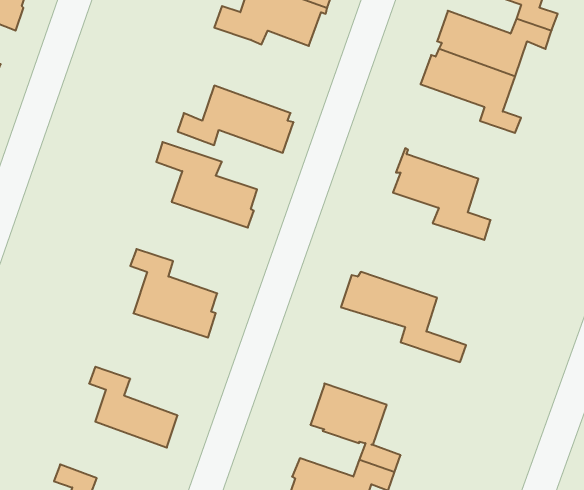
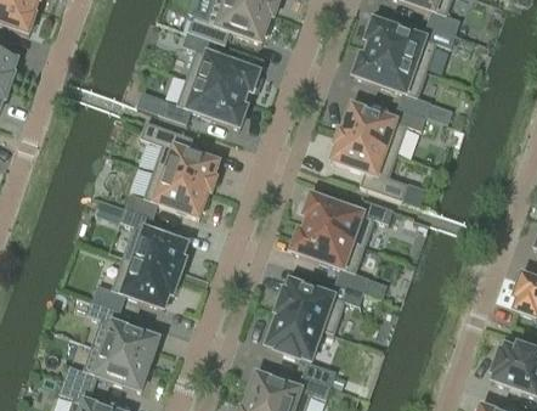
building: none -> [182,28,262,96]
building: none -> [340,100,426,148]
building: none -> [125,167,214,218]
building: none -> [301,191,395,243]
building: none -> [92,255,182,308]
building: none -> [273,276,364,331]
building: none -> [64,342,149,388]

